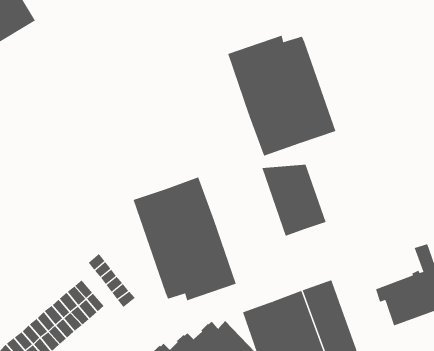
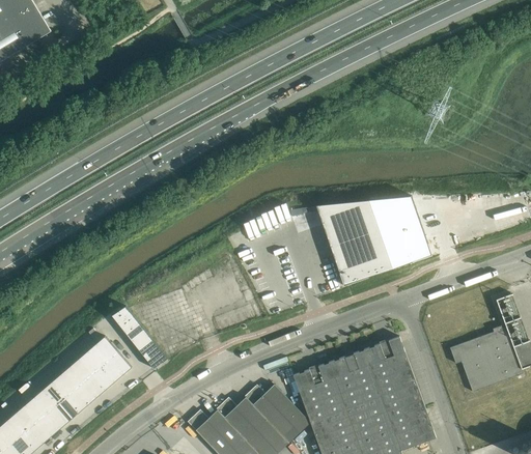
building: [227,35,336,157] -> none
building: none -> [369,198,432,271]
building: [133,177,236,301] -> none

